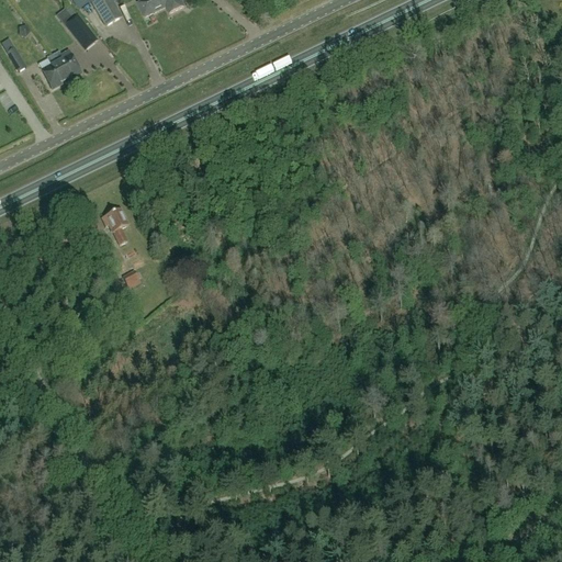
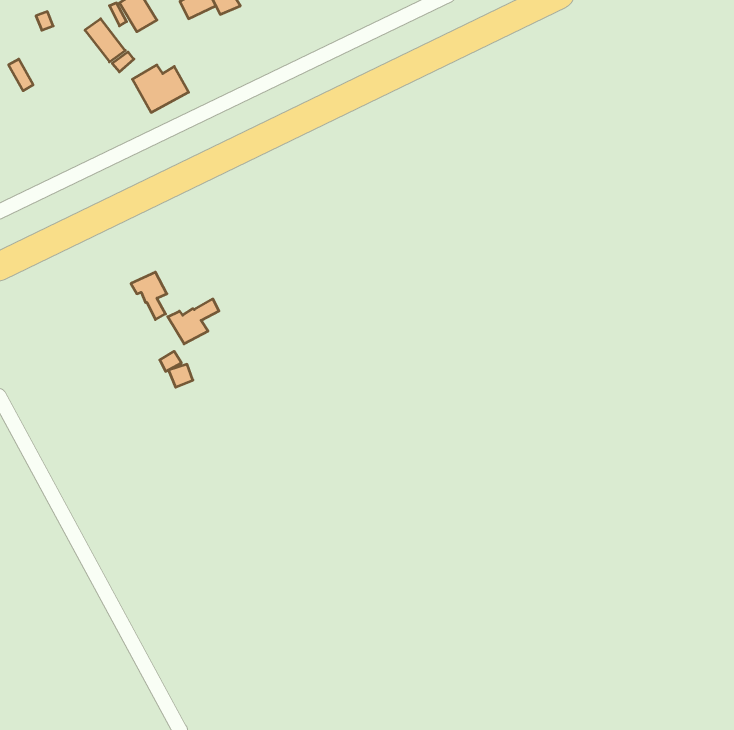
building: [37,50,80,87] -> [132,65,189,112]
building: none -> [168,299,219,344]

